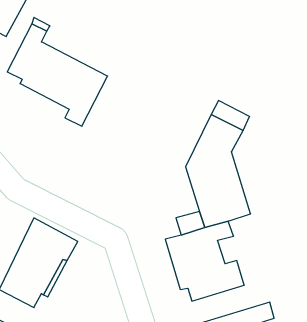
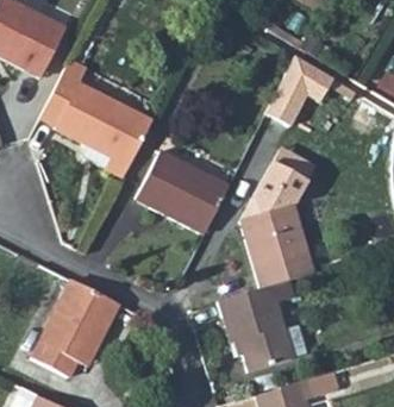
building: none -> [267,54,336,125]
building: none -> [138,152,229,233]

